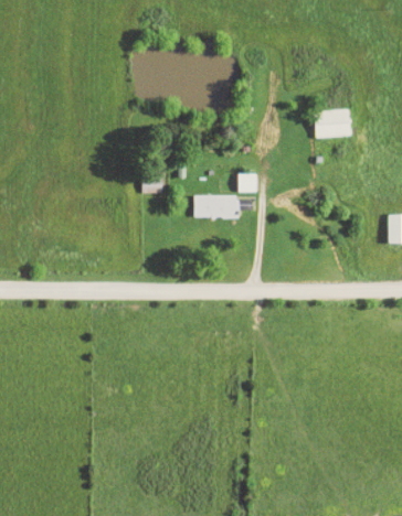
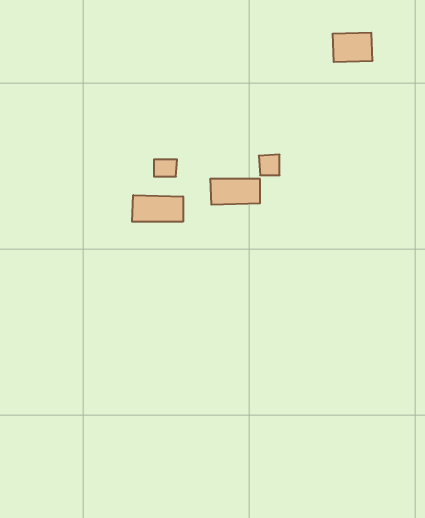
building: [314,110,350,137] -> [332,33,373,62]
building: none -> [132,195,183,222]

